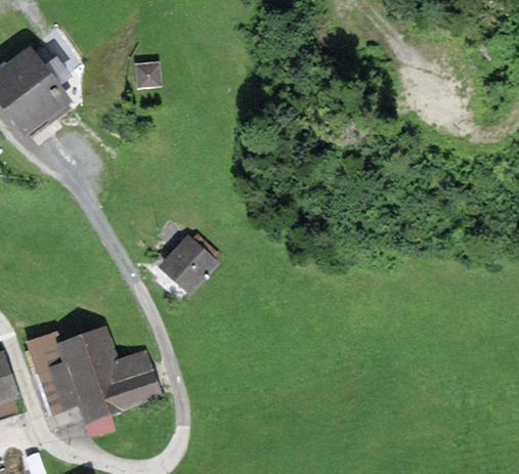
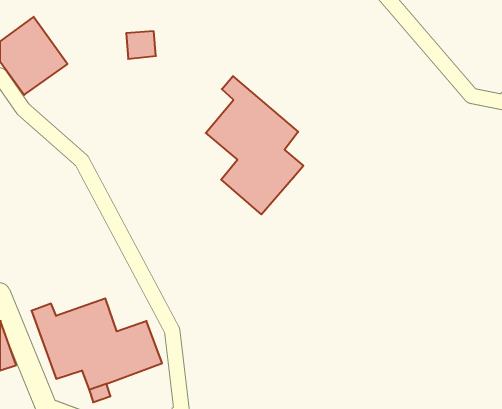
building: none -> [206,76,303,214]
building: [148,231,214,297] -> none

